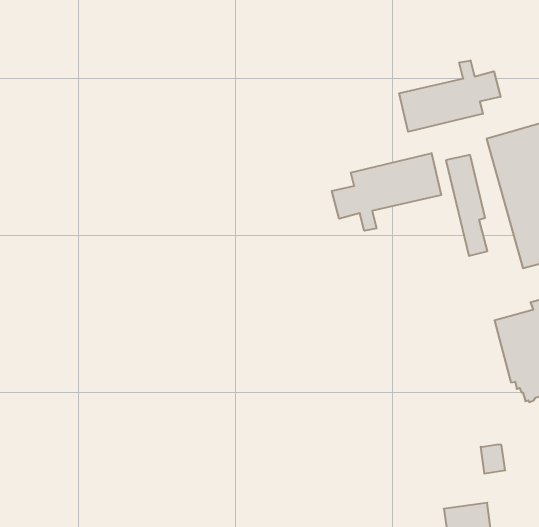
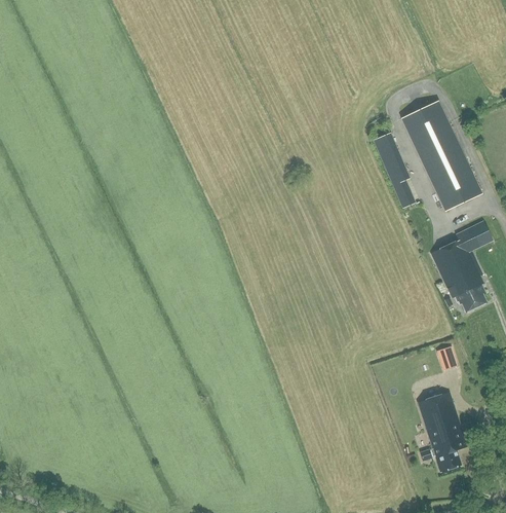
building: [399,60,501,132] -> none
building: [332,153,441,231] -> none

